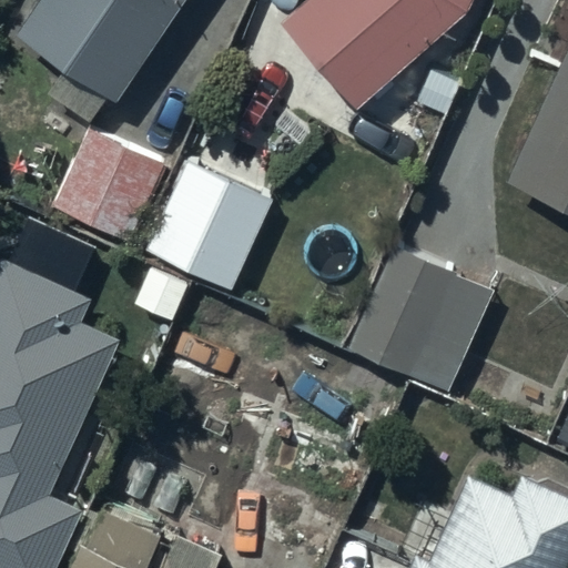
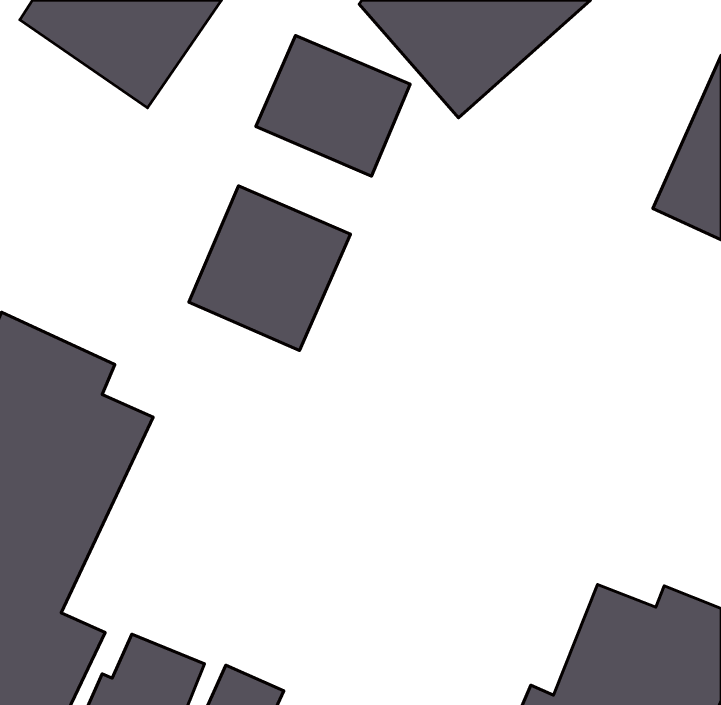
building: none -> [256,36,410,176]
building: [52,128,169,244] -> none
building: [347,241,495,390] -> none

